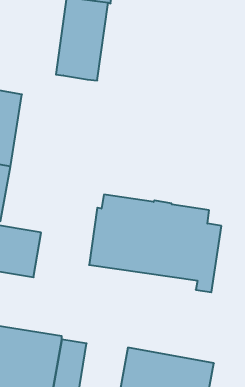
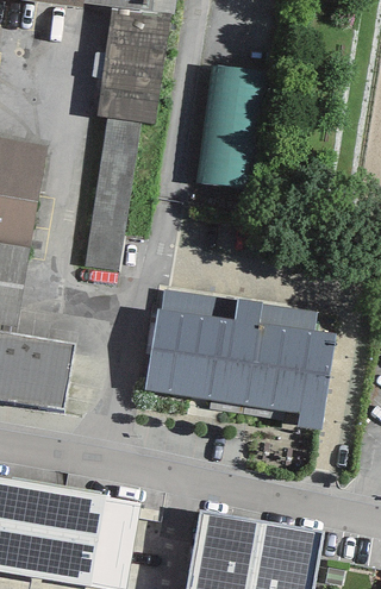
building: none -> [194,64,266,195]
building: none -> [83,119,140,274]

